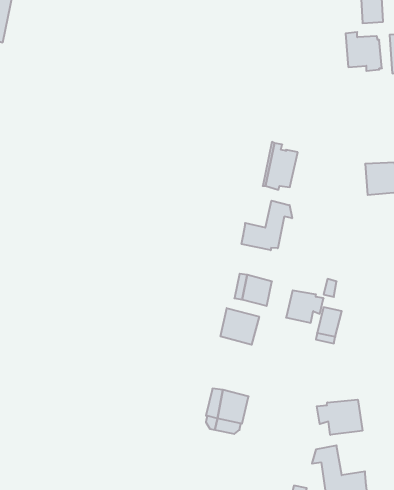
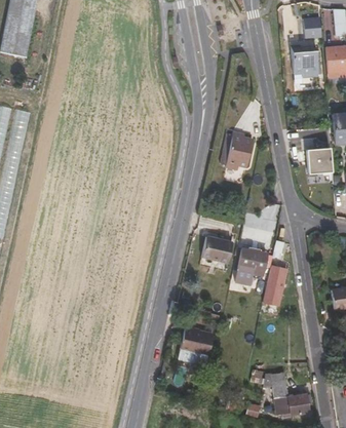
building: [242,201,292,250] -> none
building: [221,308,259,345] -> none
building: [317,400,362,435] -> none

